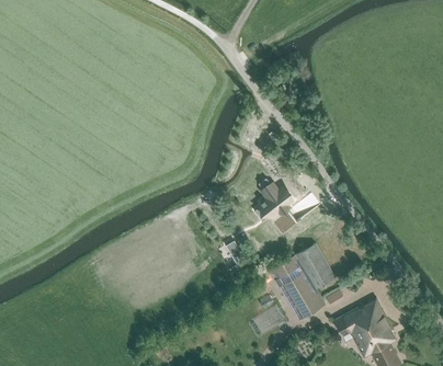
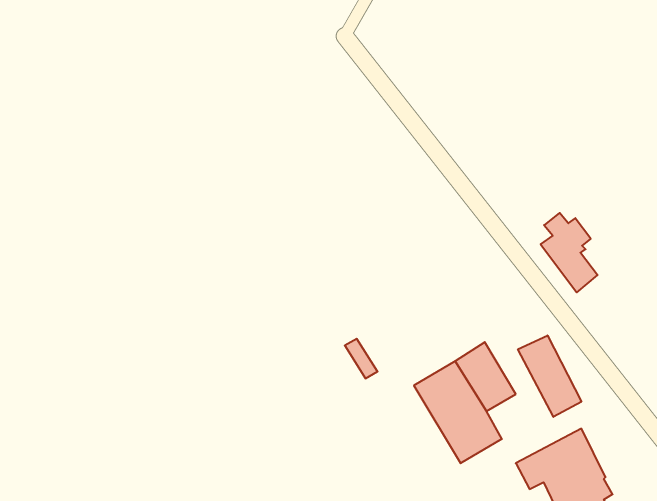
building: [260,183,296,233] -> [541,213,598,292]
building: none -> [518,335,581,417]

